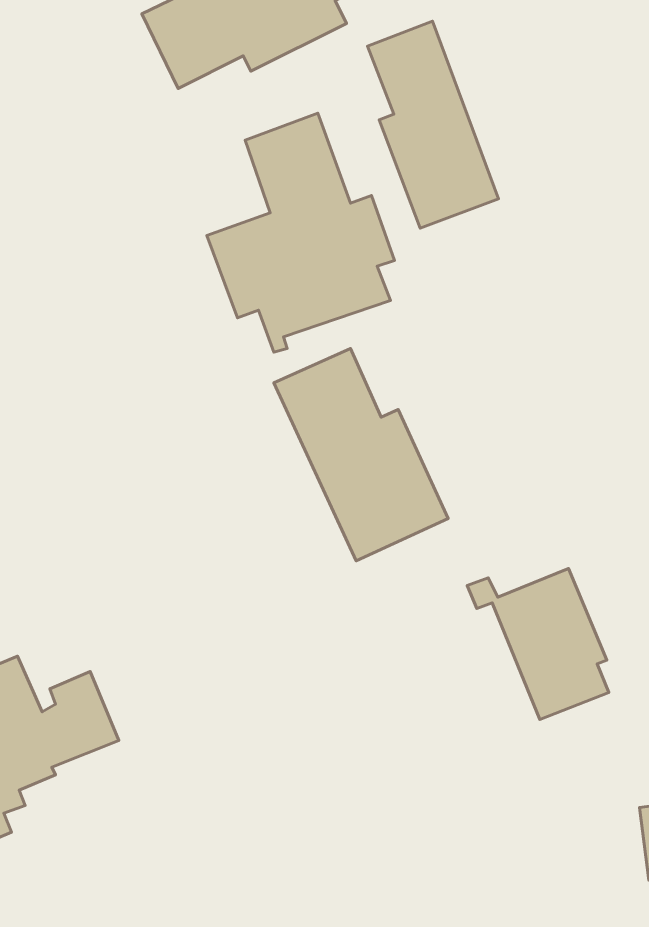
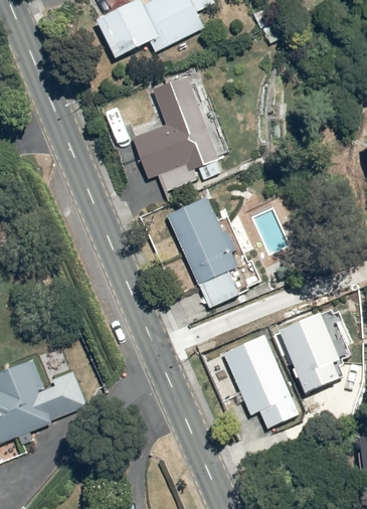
building: [367,21,499,228] -> none
building: none -> [222,331,301,428]

